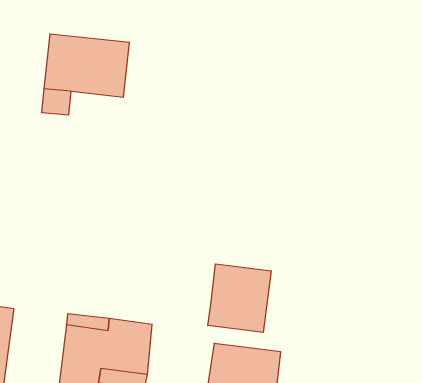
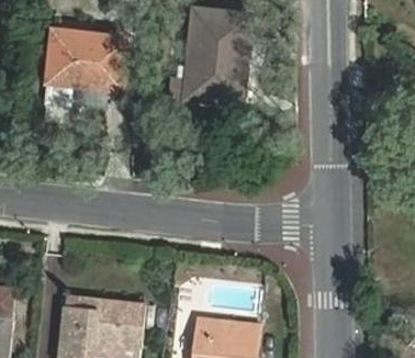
building: none -> [182,10,248,103]
building: [208,264,271,332] -> none

